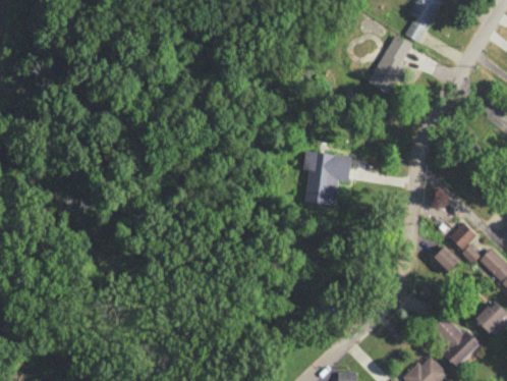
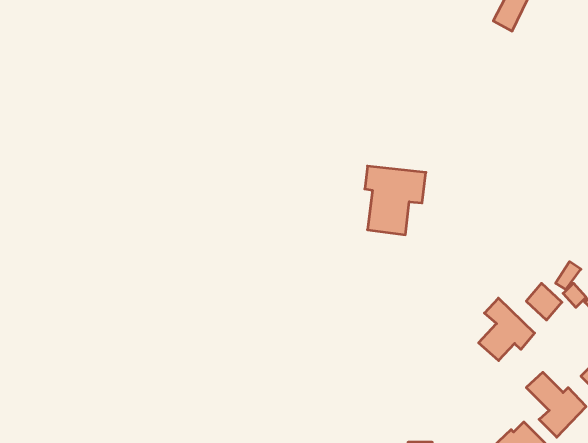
building: [368,35,412,93] -> none
building: none -> [479,298,535,361]

